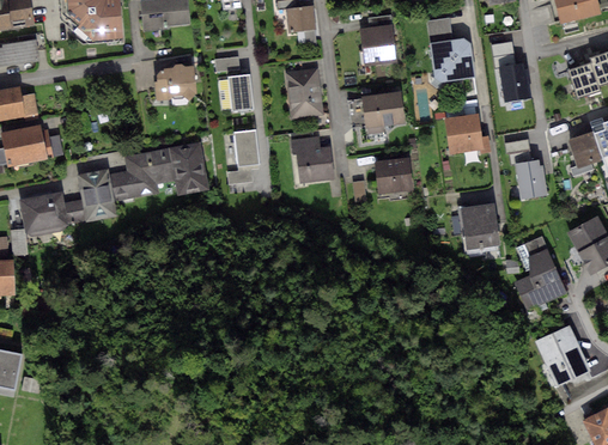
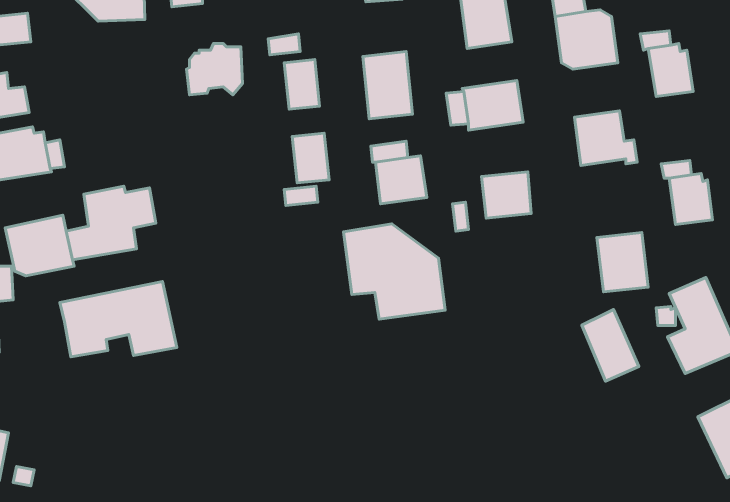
building: [123,140,211,196] -> [60,282,177,357]
building: none -> [343,224,445,319]
building: none -> [582,310,639,381]

